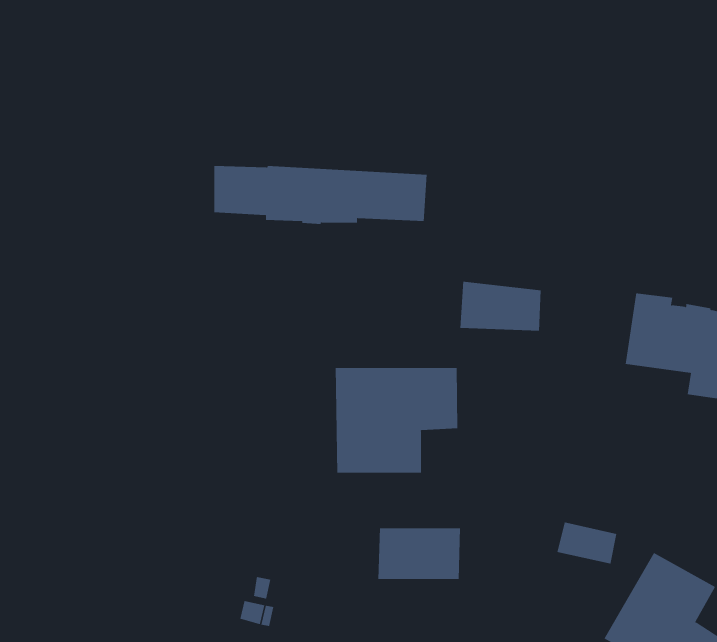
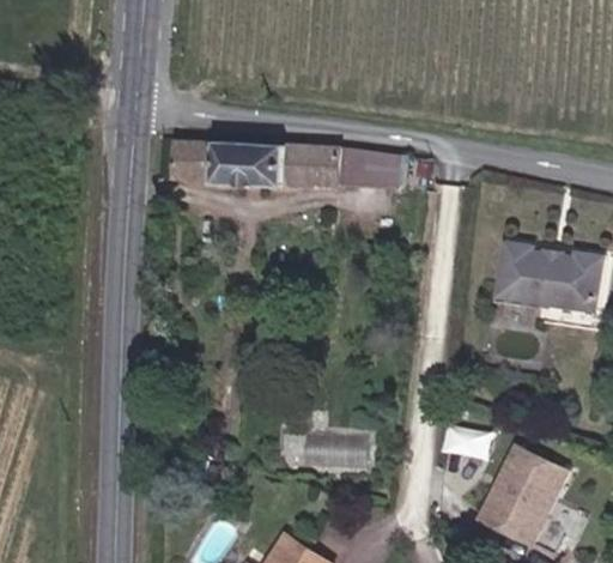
building: [459,281,541,331] -> [338,149,402,188]
building: [335,367,458,474] -> none

